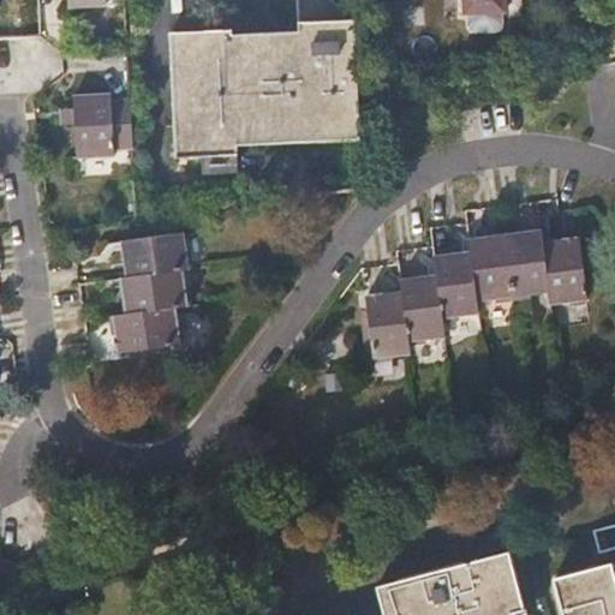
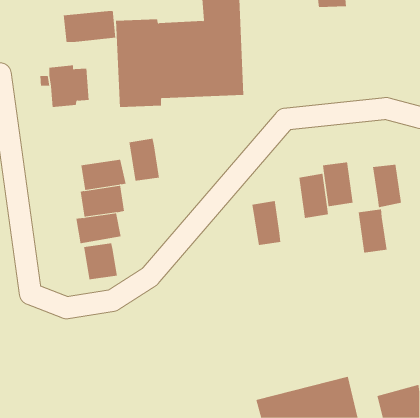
building: none -> [63,10,116,43]
building: none -> [129,138,159,182]
building: [508,232,551,297] -> [358,209,387,253]
building: [401,277,447,341] -> none
building: none -> [84,242,117,280]

